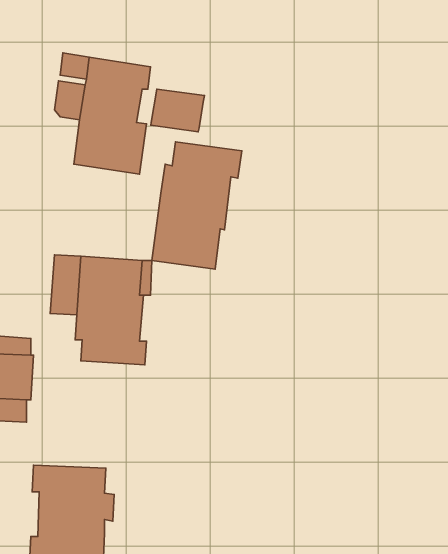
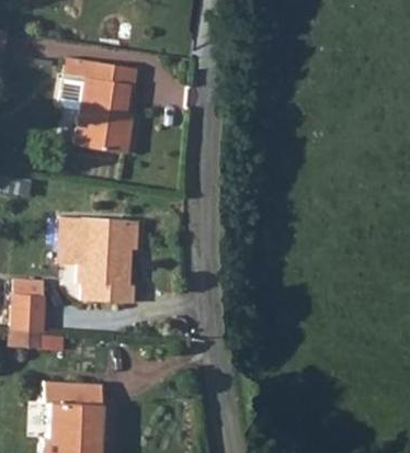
building: [151,89,204,132] -> none
building: [152,142,242,269] -> none

